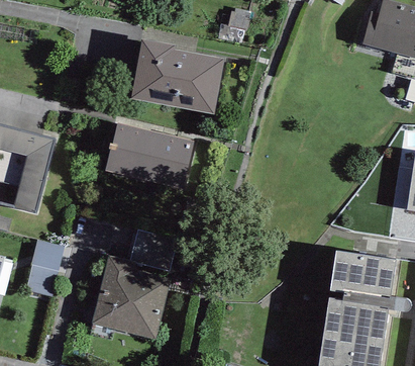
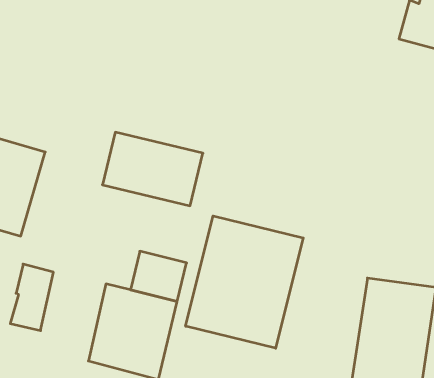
building: [131,39,224,110] -> none
building: none -> [186,216,303,348]

